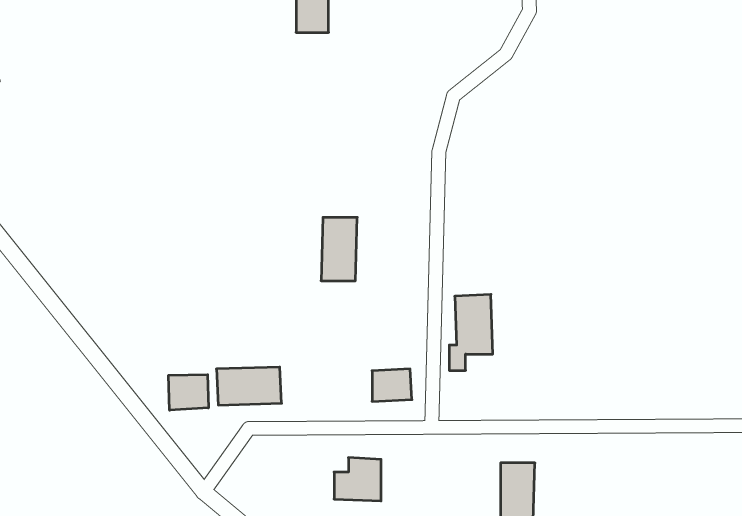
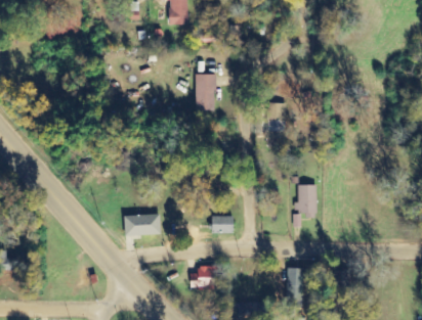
building: [321,217,357,281] -> [195,74,215,109]
building: [449,294,493,370] -> [292,184,316,227]
building: [169,375,208,410] -> none

